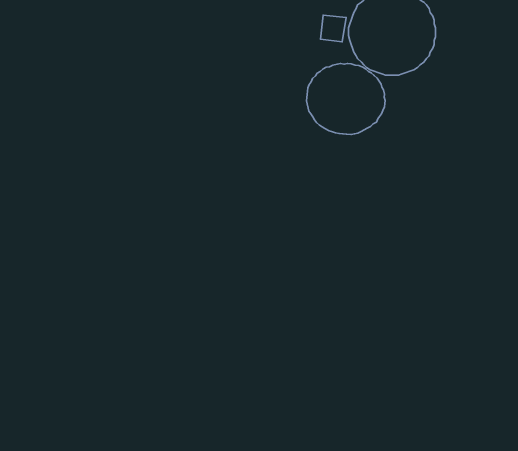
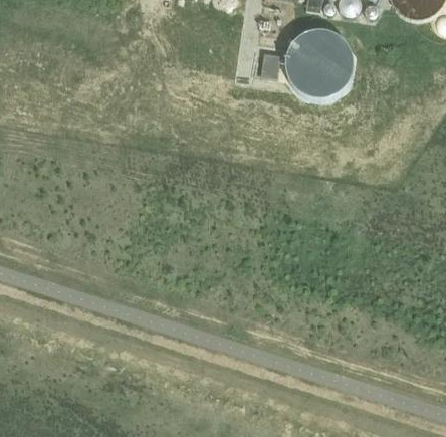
building: [306,63,385,134] -> none

